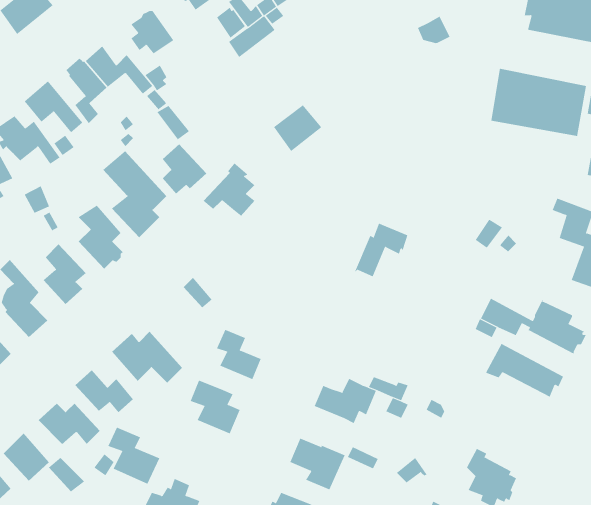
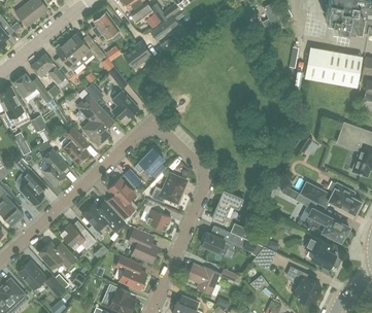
building: [273,104,322,152] -> [123,41,151,69]
building: [203,162,255,217] -> [133,145,164,177]
building: [354,223,408,277] -> [211,190,243,222]
building: none -> [151,173,187,203]
building: none -> [107,178,134,218]
building: none -> [304,236,335,269]
building: [108,427,160,485] -> [115,255,146,289]

